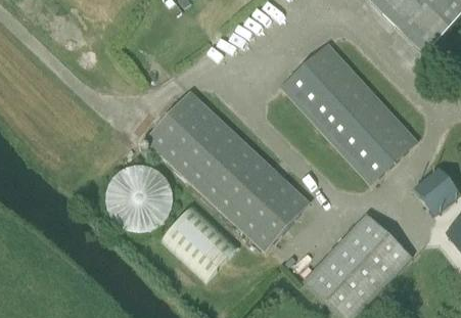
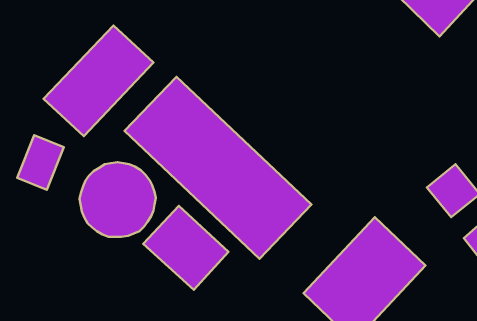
building: none -> [44,25,154,136]
building: [282,44,417,184] -> none
building: none -> [17,135,64,190]

